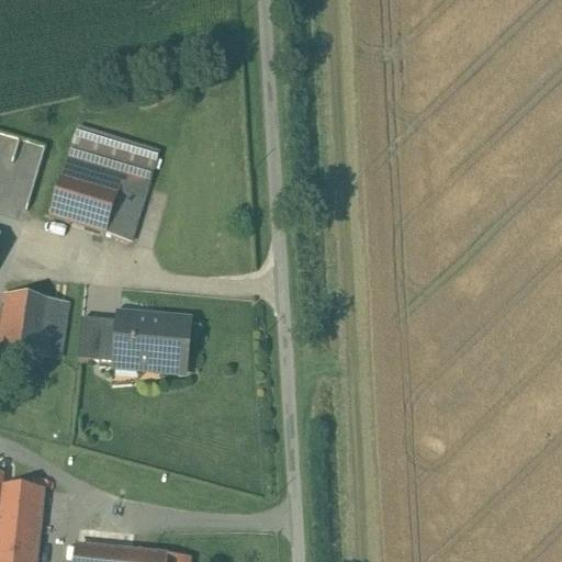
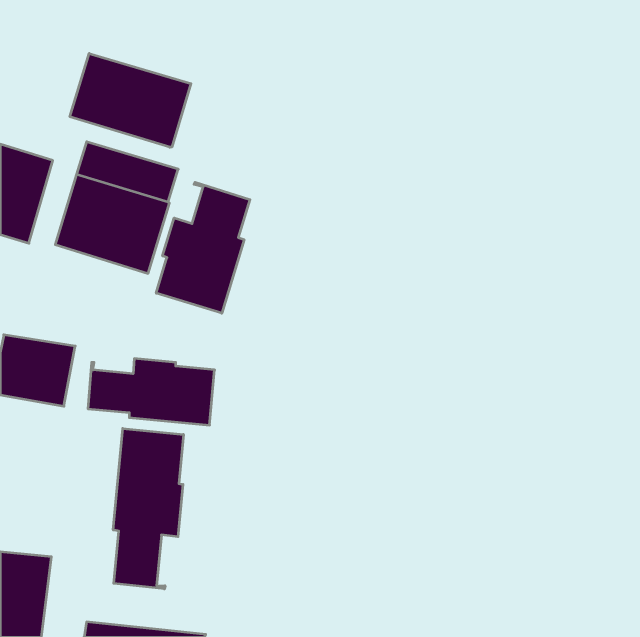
building: none -> [70,53,191,147]
building: none -> [156,182,250,313]
building: none -> [113,428,183,589]

